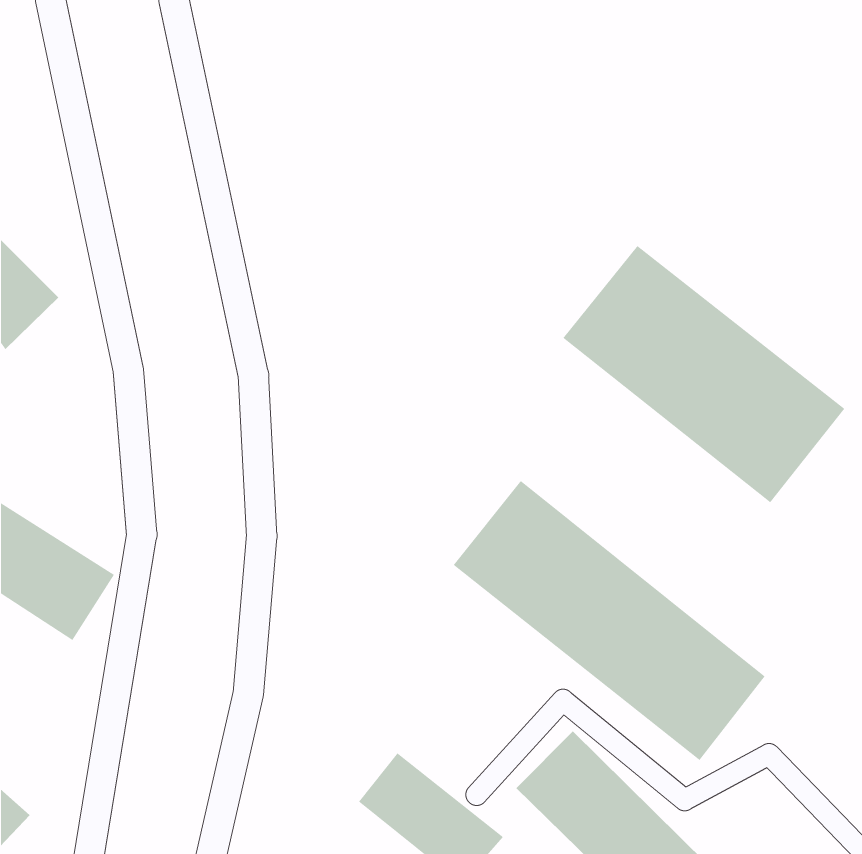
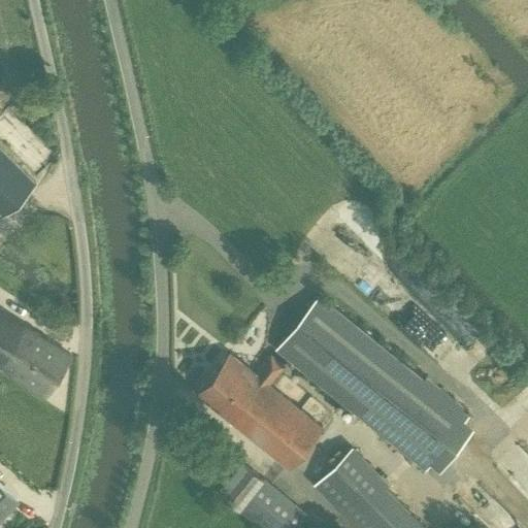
building: [563,245,845,503] -> none
building: none -> [197,356,324,471]

